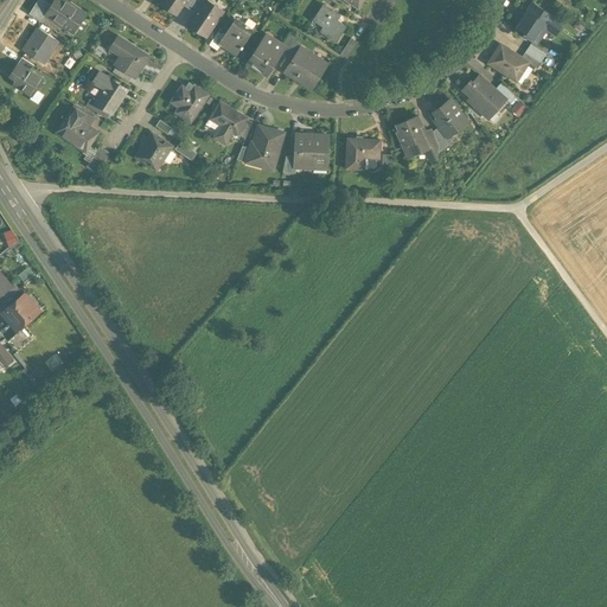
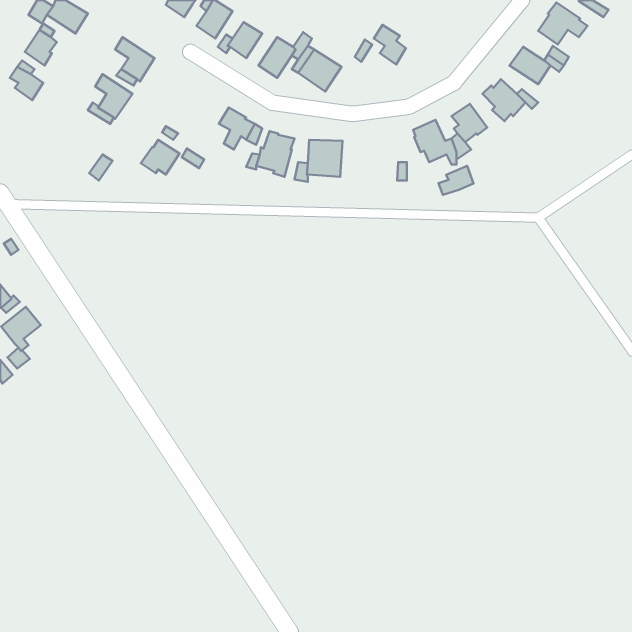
building: [314,5,345,43] -> [374,25,406,64]
building: [171,85,206,121] -> none
building: [56,107,96,147] -> none
building: [345,139,381,171] -> none
building: none -> [438,166,474,195]

